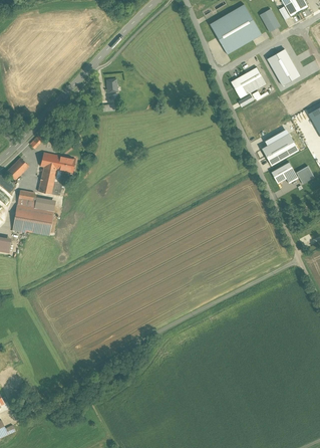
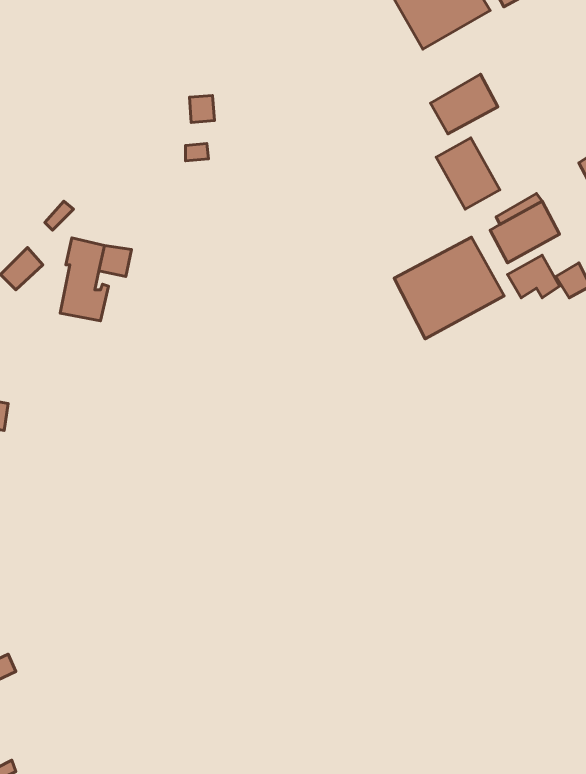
building: [267,49,300,86] -> [436,138,500,209]
building: none -> [394,237,504,339]
building: [13,191,53,235] -> none

